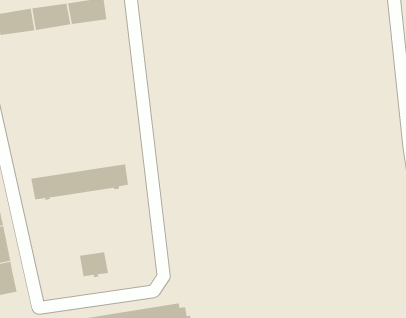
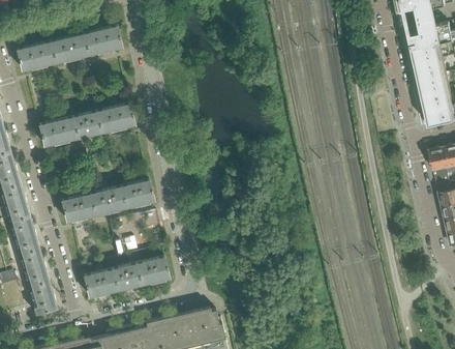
building: none -> [38,105,133,146]
building: none -> [134,258,168,285]
building: none -> [83,270,116,297]

